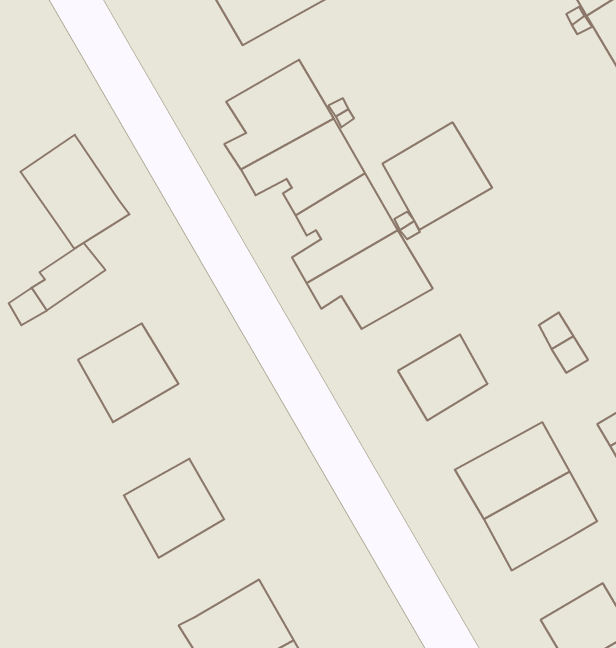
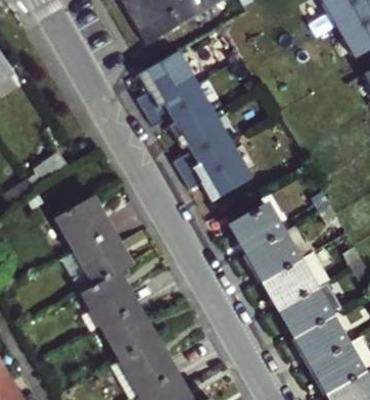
building: [383,122,492,230] -> none
building: [20,135,130,249] -> none
building: none -> [249,223,312,279]
building: none -> [72,231,131,293]
building: none -> [99,306,155,361]
building: none -> [296,314,348,362]

